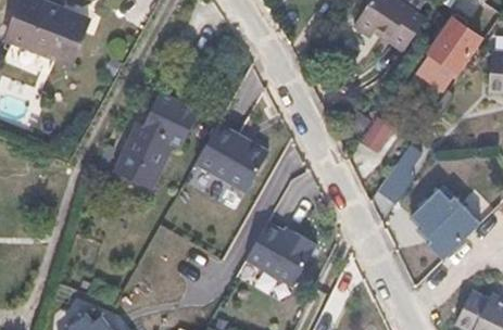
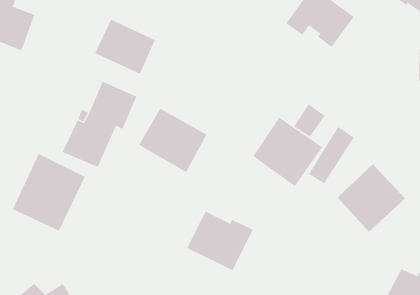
building: [417,18,480,89] -> none
building: none -> [95,19,156,74]
building: none -> [252,117,323,187]
building: none -> [12,153,85,231]

